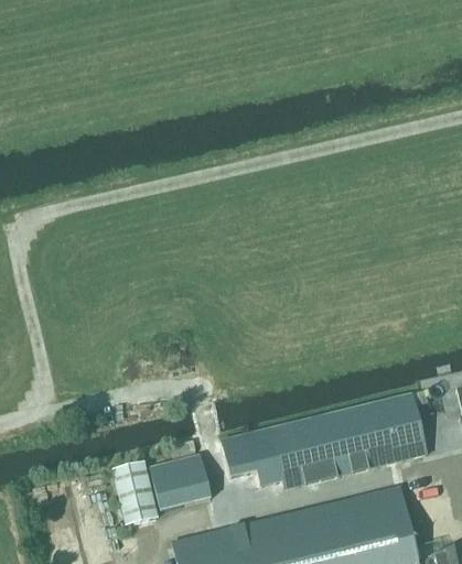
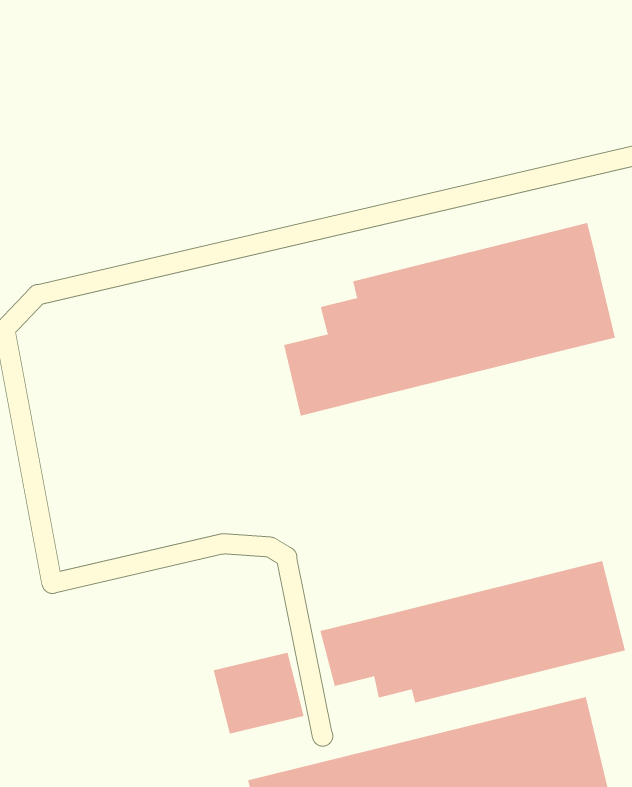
building: none -> [284,222,616,417]
building: [111,462,158,524] -> none

